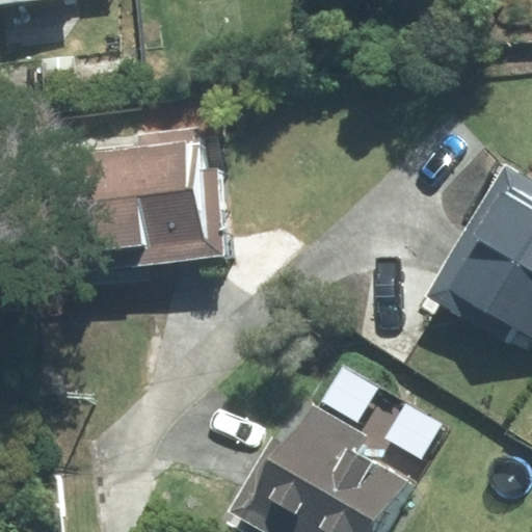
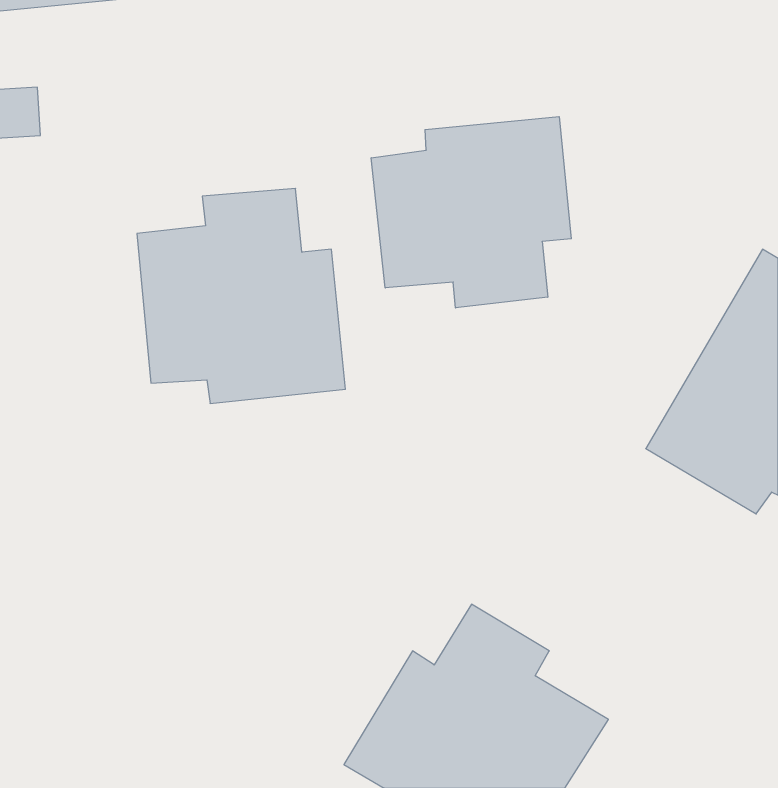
building: none -> [371,117,571,308]

